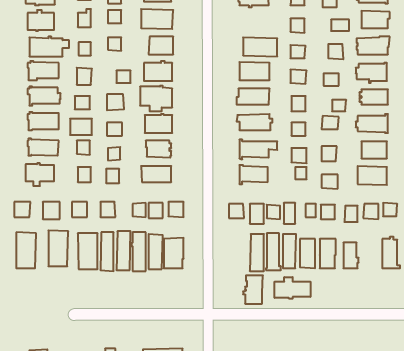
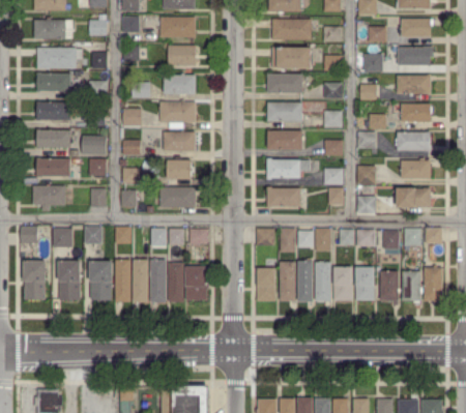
building: none -> [269,19,310,38]
building: none -> [403,271,421,302]
building: [243,275,263,304] -> [254,268,275,299]
building: [275,277,310,299] -> none

